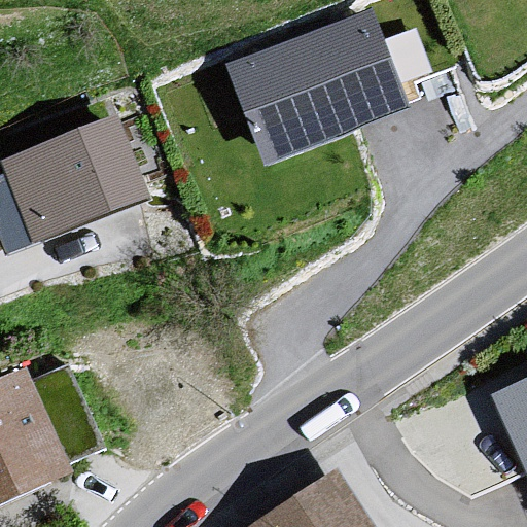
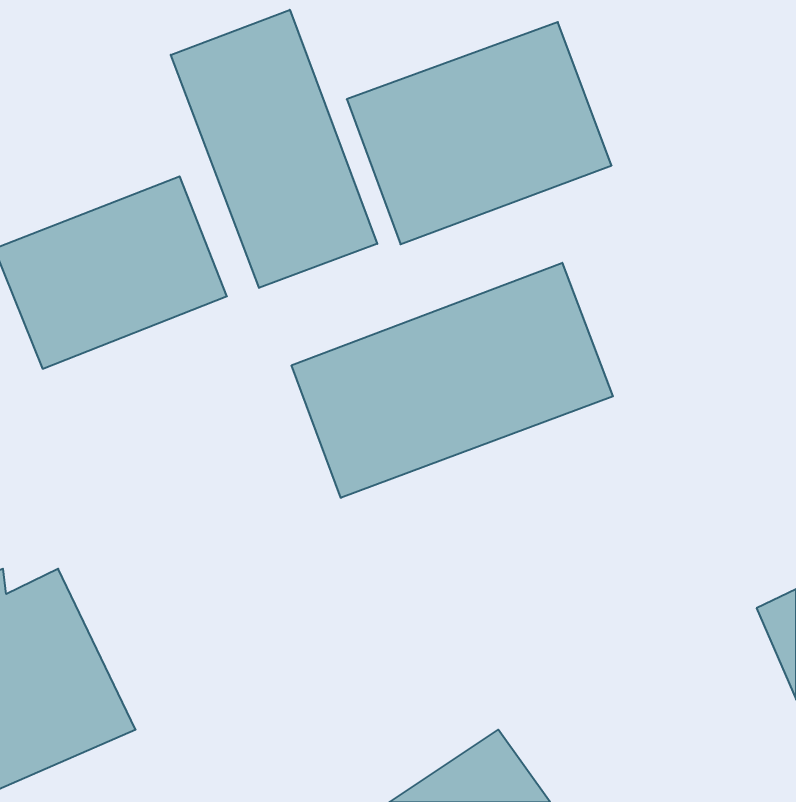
building: none -> [171,10,377,288]
building: none -> [292,263,613,498]

